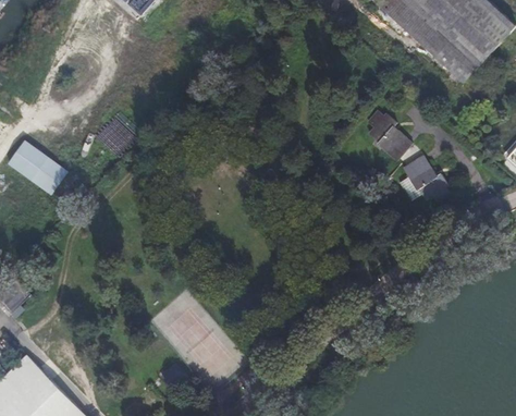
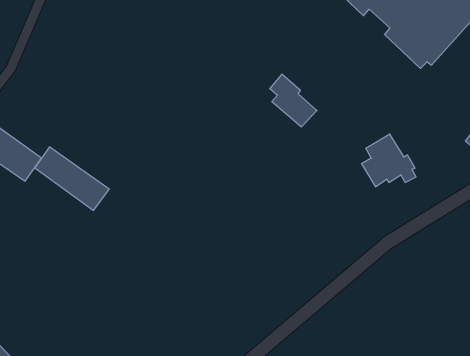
building: [365,107,411,159] -> [270,74,317,127]
building: none -> [35,147,109,211]

